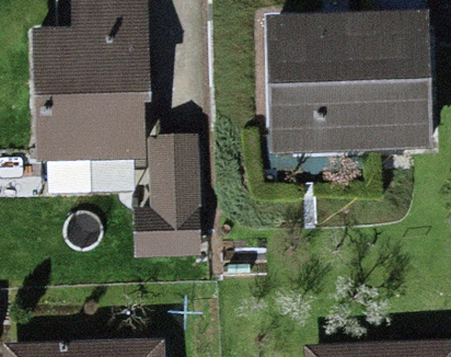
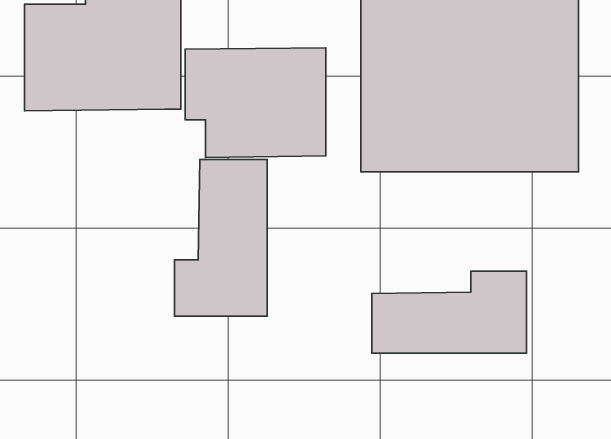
building: [34,105,132,182] -> [185,48,326,157]
building: none -> [372,271,527,353]

